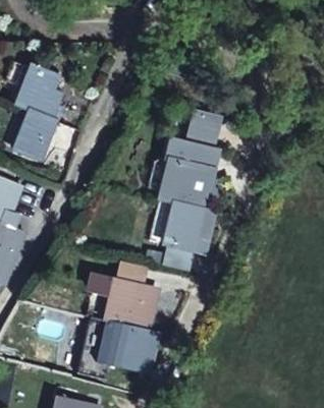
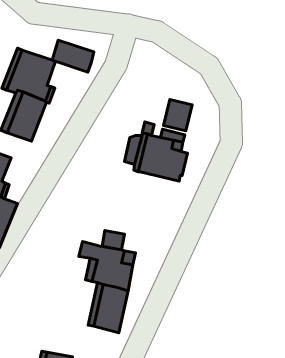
building: none -> [52,40,94,72]
building: [152,197,218,252] -> none

